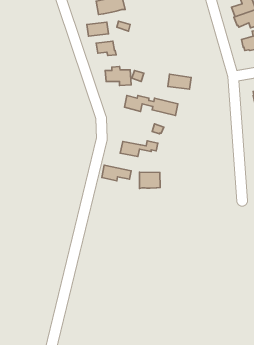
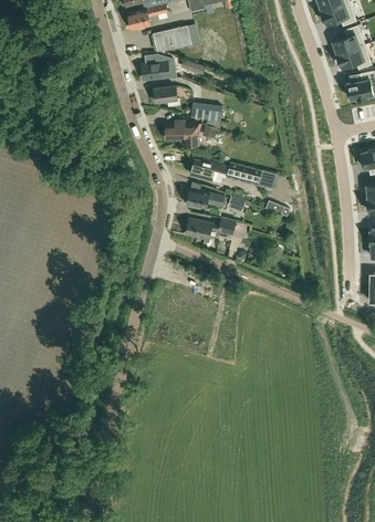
building: [168,74,191,89] -> [192,101,223,121]
building: [102,165,131,181] -> [187,188,226,209]
building: [140,172,160,188] -> none

